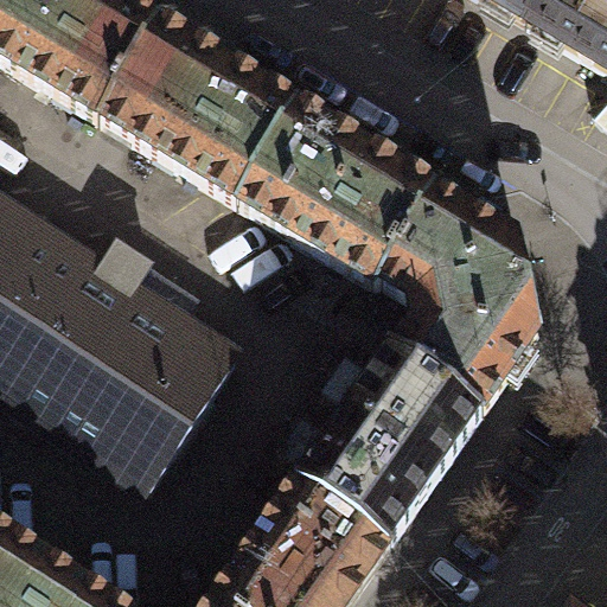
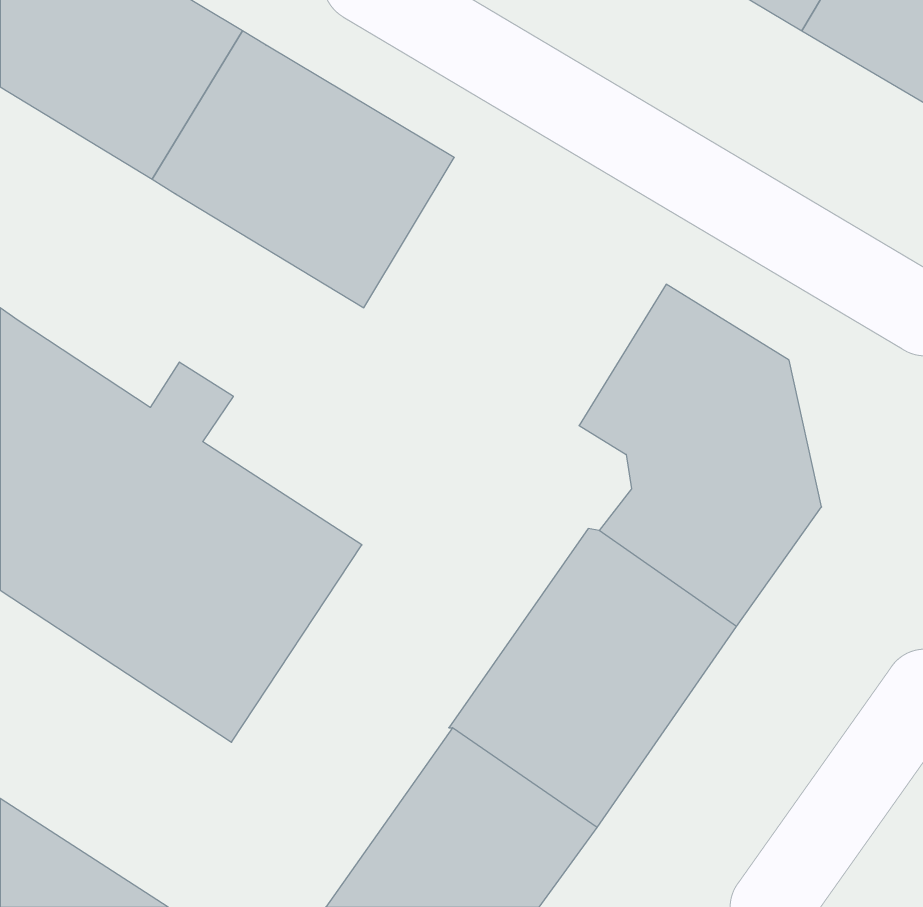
building: [239,103,437,285] -> none

